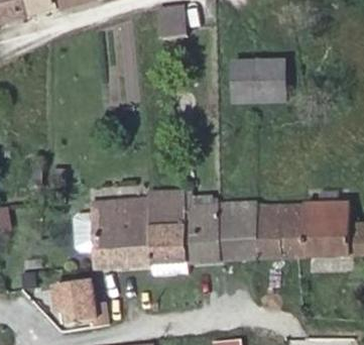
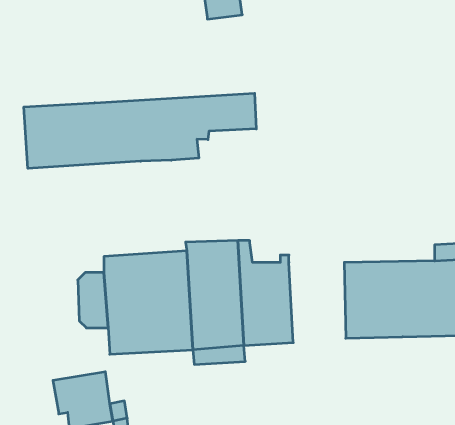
building: [231,56,286,104] -> none
building: none -> [24,93,256,168]
building: [218,203,257,260] -> none

